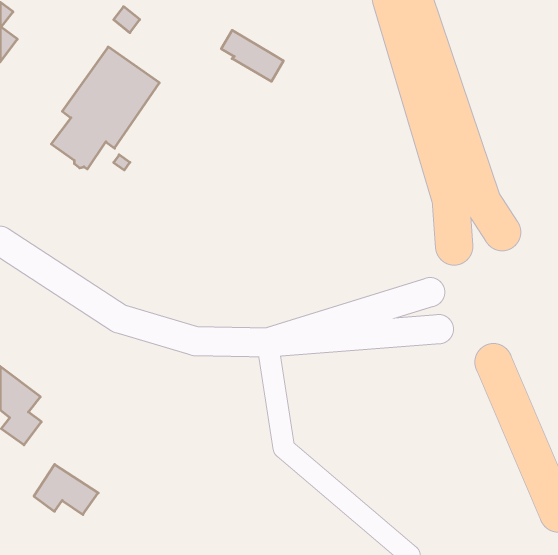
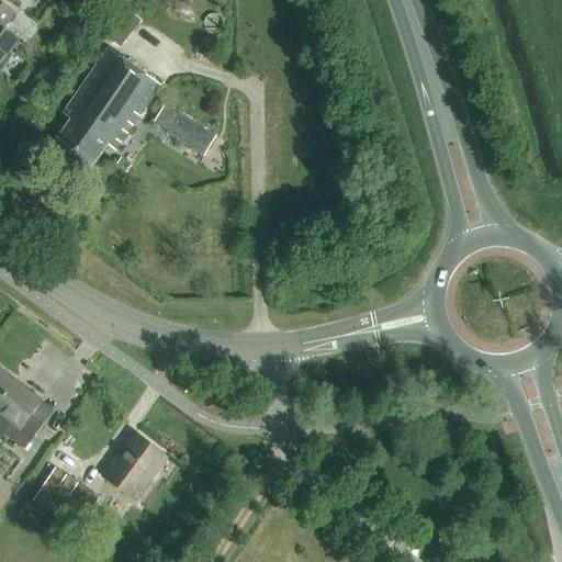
building: [221,30,283,81] -> [154,103,216,155]
building: none -> [103,434,165,499]

